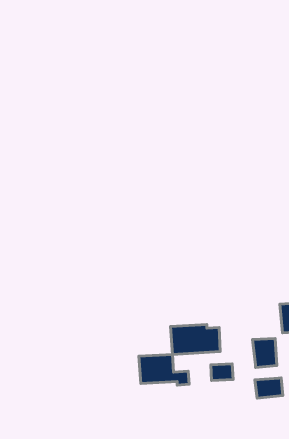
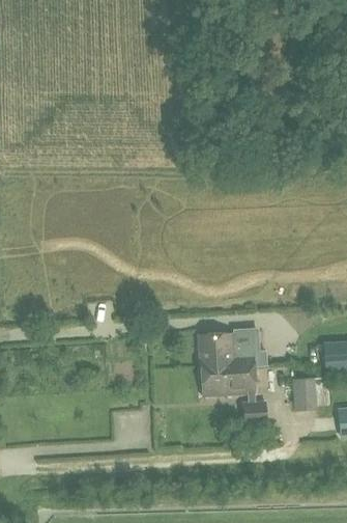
building: [139,354,189,385] -> [200,332,256,366]
building: [255,378,283,398] -> none

